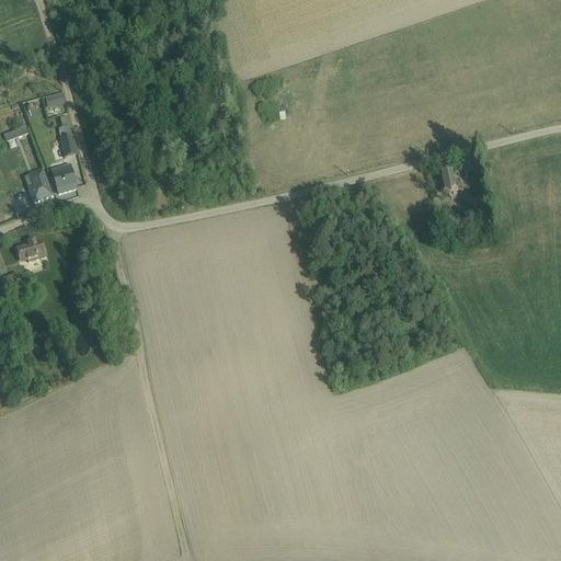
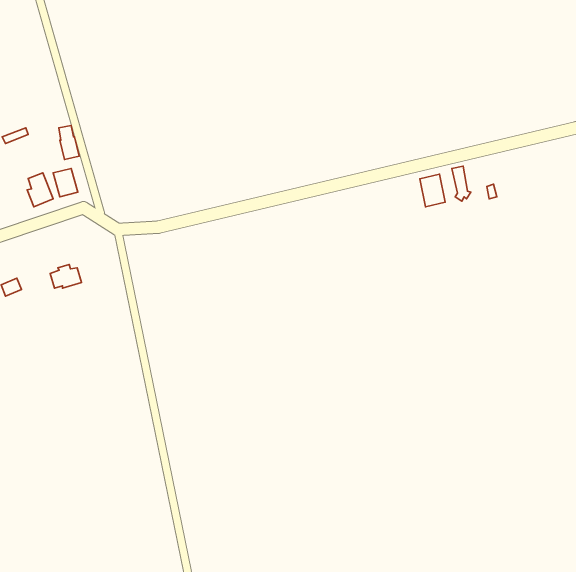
building: none -> [420,174,445,207]
building: [15,237,46,260] -> [50,264,82,288]

